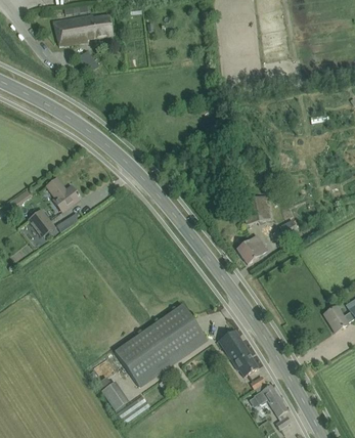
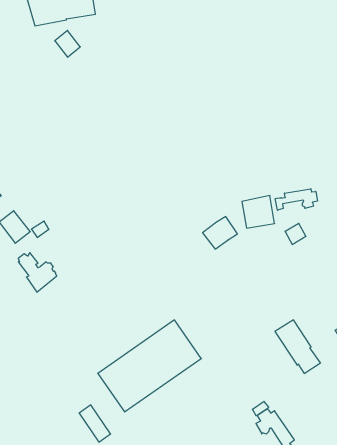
building: [46,177,80,212] -> [18,253,57,292]
building: none -> [275,189,317,210]
building: [236,234,267,263] -> [203,217,237,249]
building: [218,330,258,377] -> [275,320,320,373]

